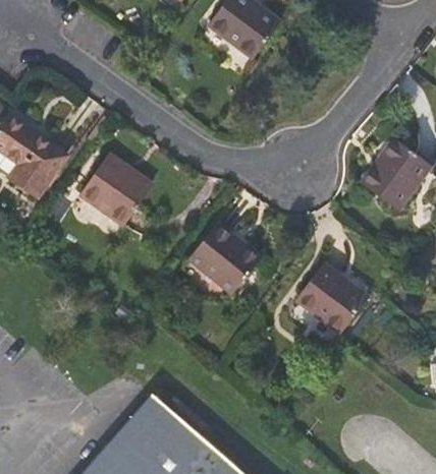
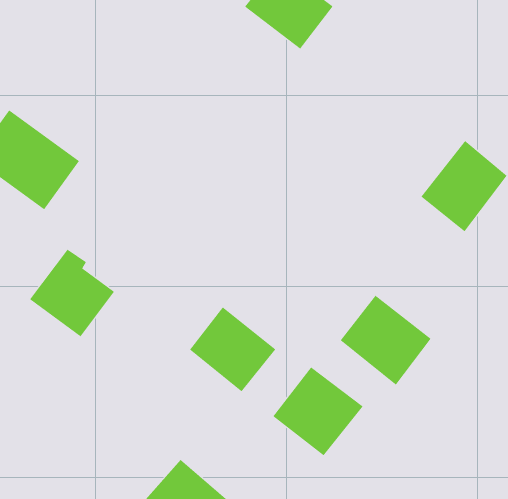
building: [83,145,154,219] -> [29,249,115,337]
building: [195,216,267,287] -> [189,306,276,392]
building: none -> [272,367,363,456]

